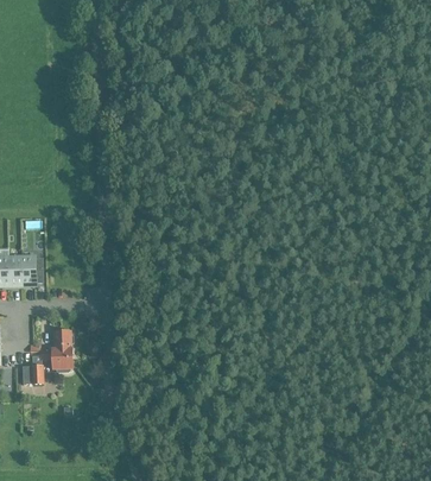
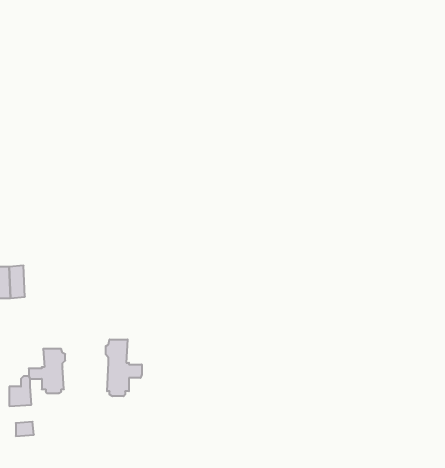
building: none -> [106,339,142,396]

